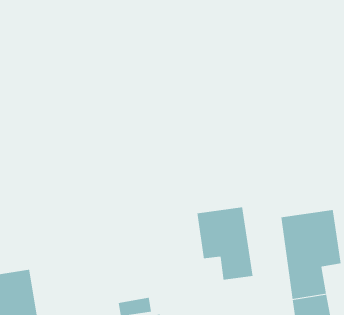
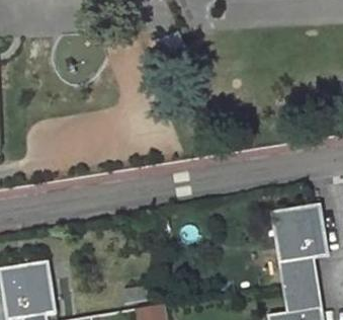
building: [197,206,253,281] -> none

